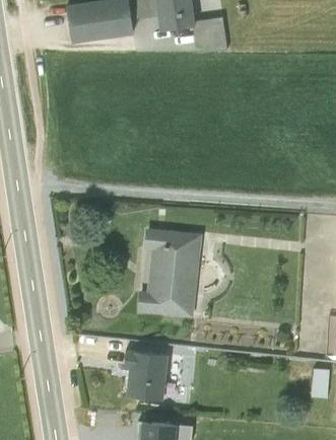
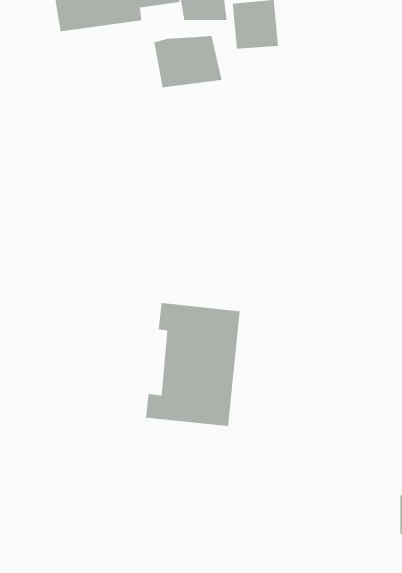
building: none -> [154,35,222,88]
building: [120,352,166,405] -> none

